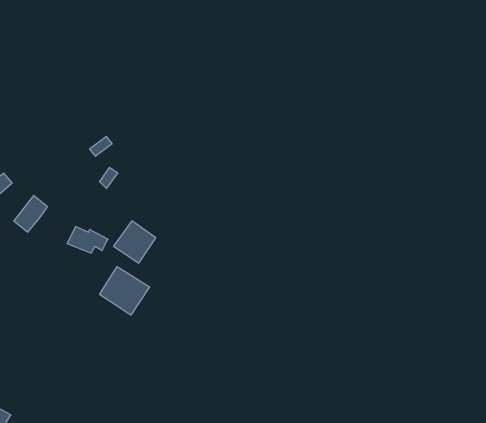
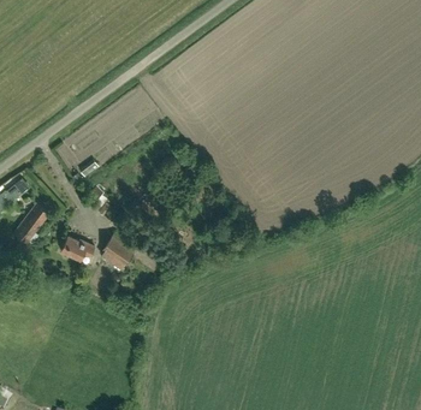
building: [100,267,150,315] -> none

